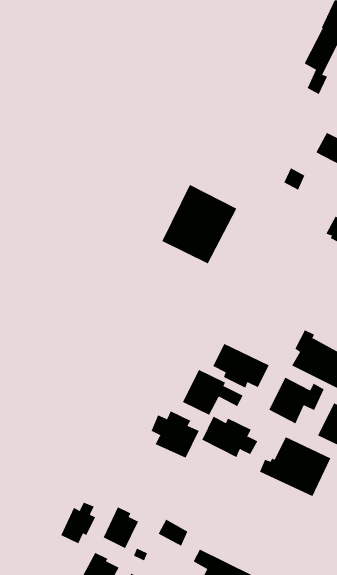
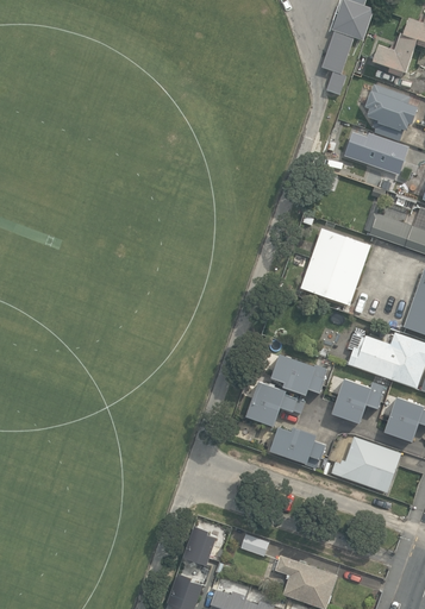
building: [161,184,237,264] -> [301,230,371,306]
building: [151,411,199,459] -> none
building: [61,502,96,544] -> none

